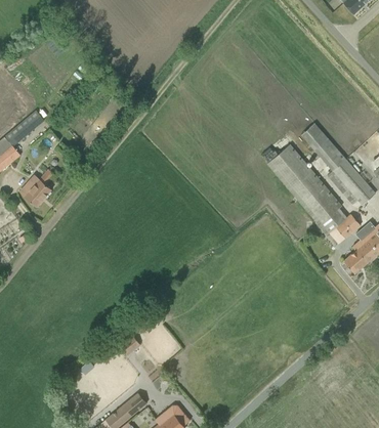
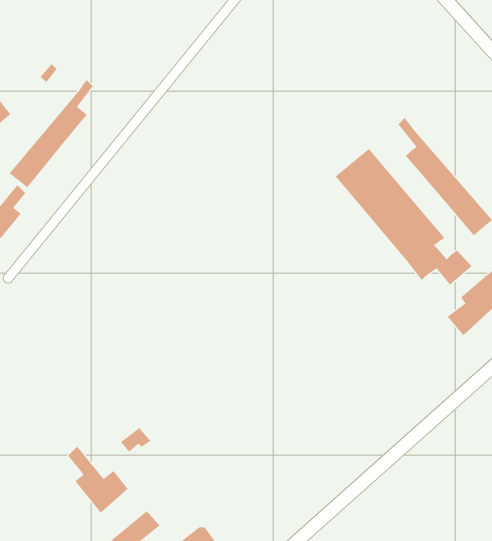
building: none -> [9,79,94,188]
building: none -> [68,446,128,513]

